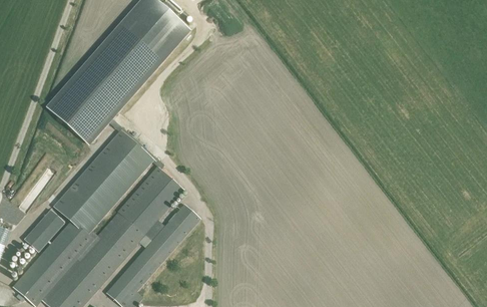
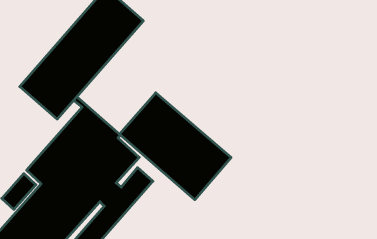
building: none -> [119,93,231,200]

